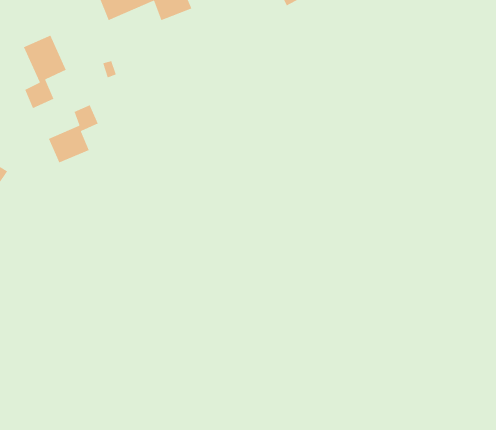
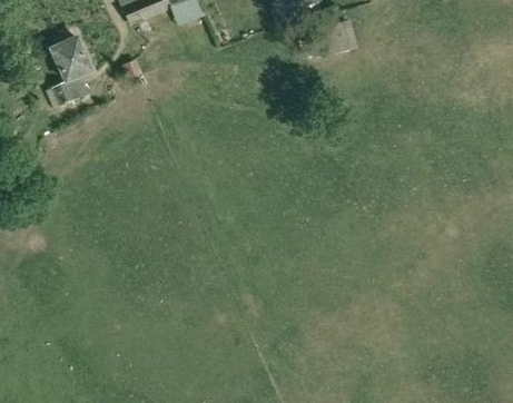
building: [48,104,99,164] -> none

